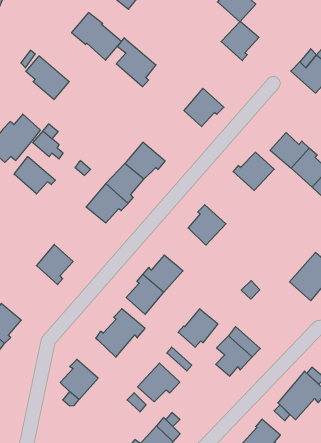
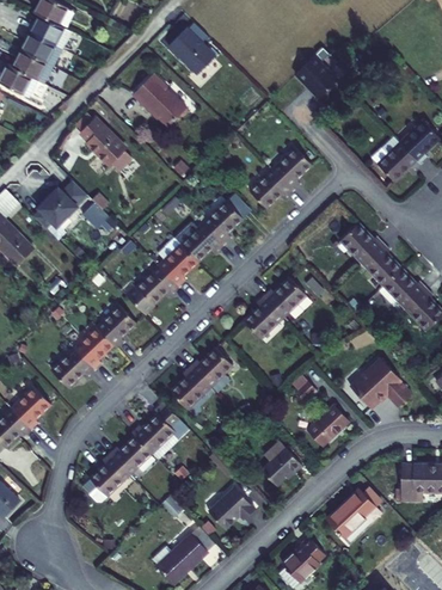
building: [221,21,259,61] -> [271,147,313,190]
building: [116,38,156,87] -> none
building: none -> [201,199,244,244]
building: [233,152,274,190] -> [263,276,308,318]
building: [14,157,55,194] -> none
building: none -> [94,303,136,348]
building: none -> [49,346,94,388]
building: none -> [305,402,349,448]
building: [178,309,218,347] -> none
building: none -> [109,434,152,475]
building: [138,363,180,402] -> [207,486,253,528]

